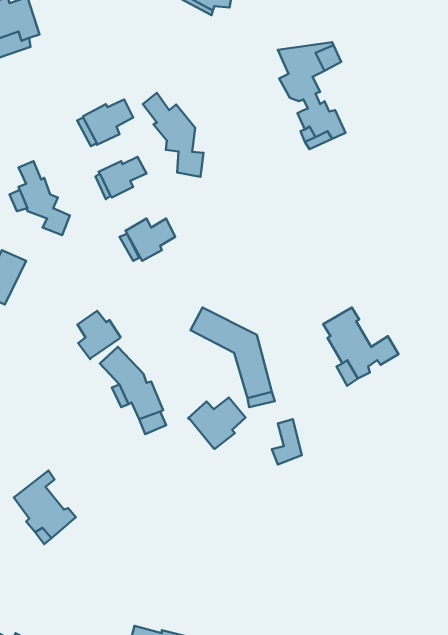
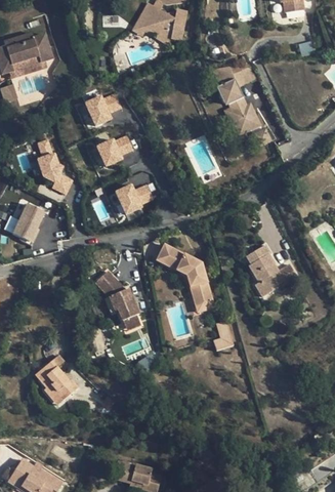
building: [143,93,203,177] -> none
building: [78,311,121,359] -> none
building: [188,398,245,449] -> none

